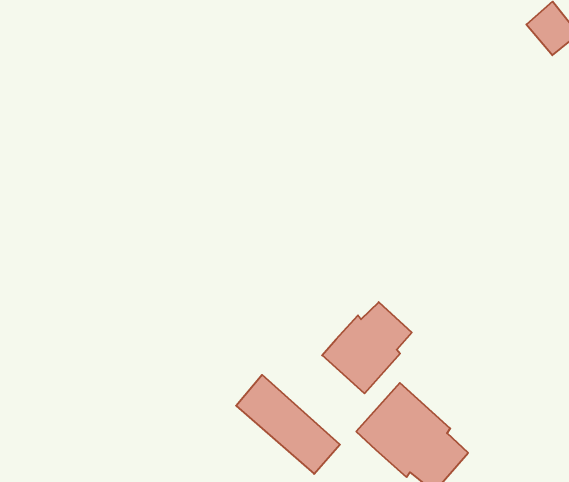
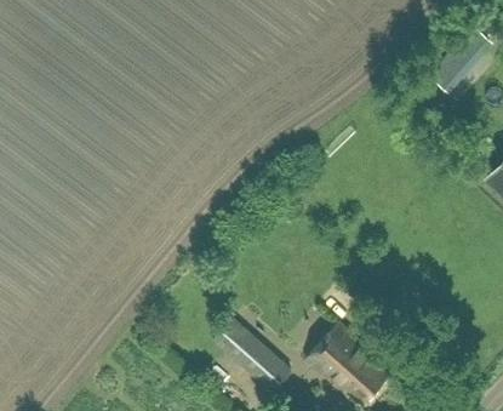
building: [322,302,412,393] -> none

